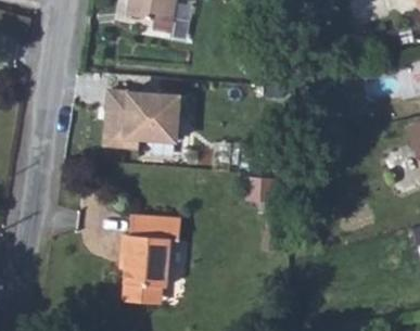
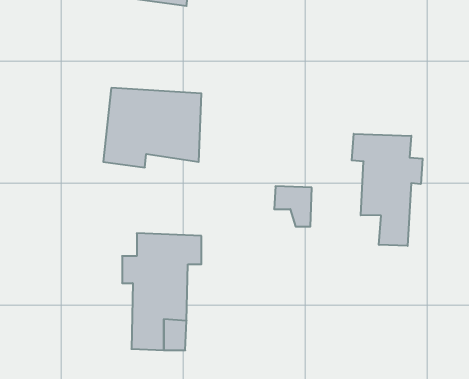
building: none -> [352,134,423,246]

